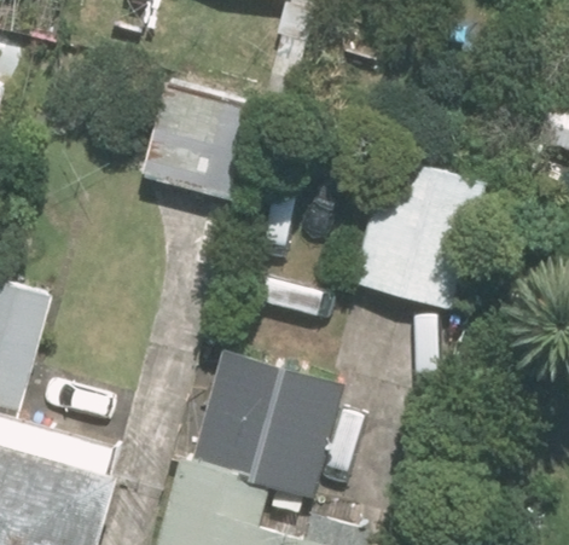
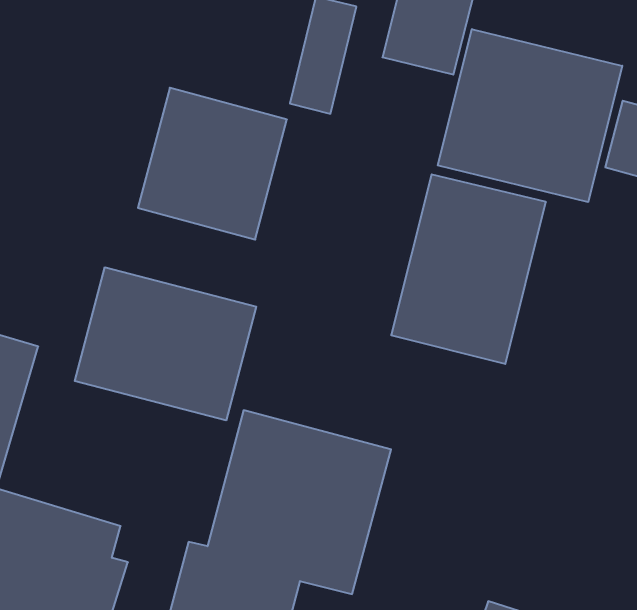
building: none -> [438,29,622,202]
building: none -> [75,267,256,420]

